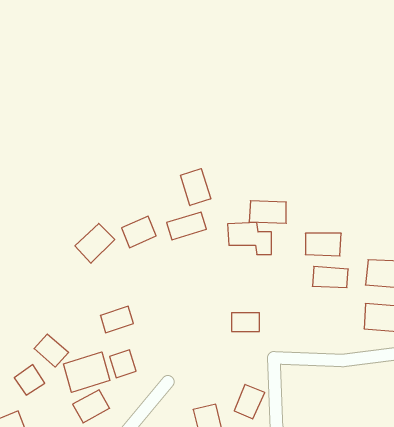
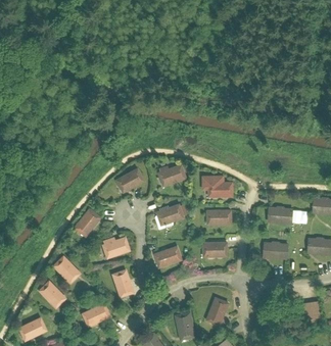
building: [181,169,211,206] -> none
building: [249,201,286,223] -> [205,208,234,226]
building: [75,223,115,263] -> [72,210,102,241]
building: [305,233,341,256] -> [263,243,290,260]
building: none -> [156,203,186,226]
building: none -> [154,246,184,268]
building: [64,352,110,392] -> none

